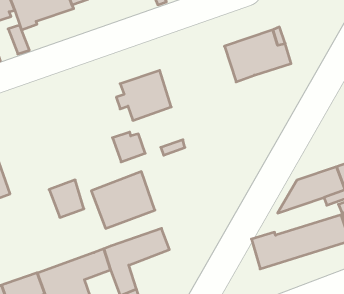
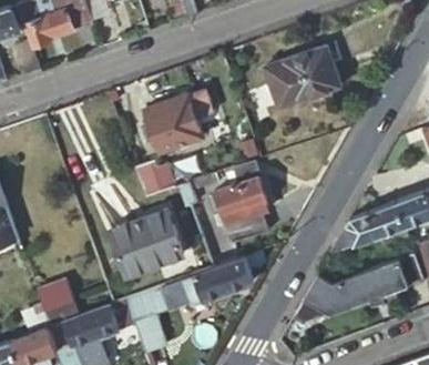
building: none -> [216,159,274,241]
building: [49,180,84,217] -> [39,277,79,321]
building: none -> [194,256,253,298]

